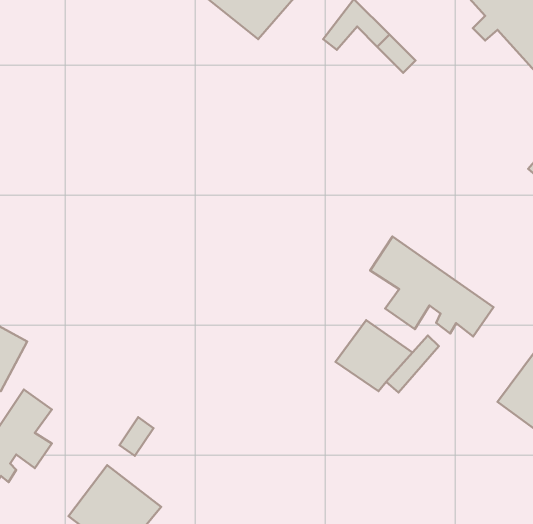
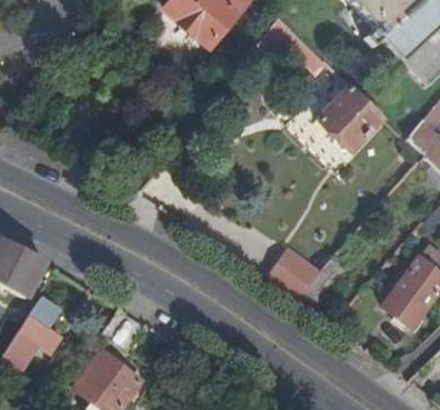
building: none -> [316,82,382,150]
building: [370,236,493,337] -> none

